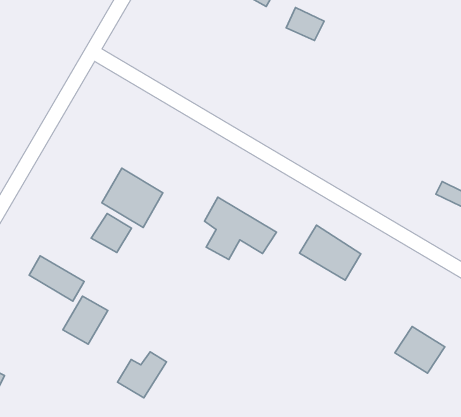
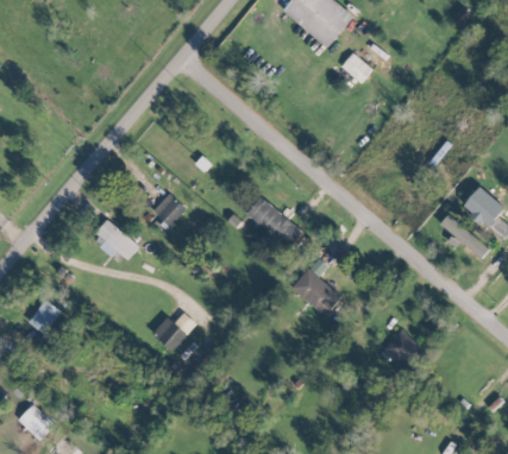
building: [102,168,163,228] -> none
building: [300,225,361,280] -> [290,267,340,316]
building: [63,296,108,344] -> none

